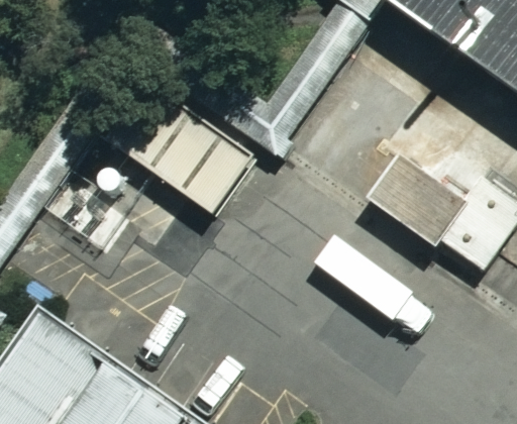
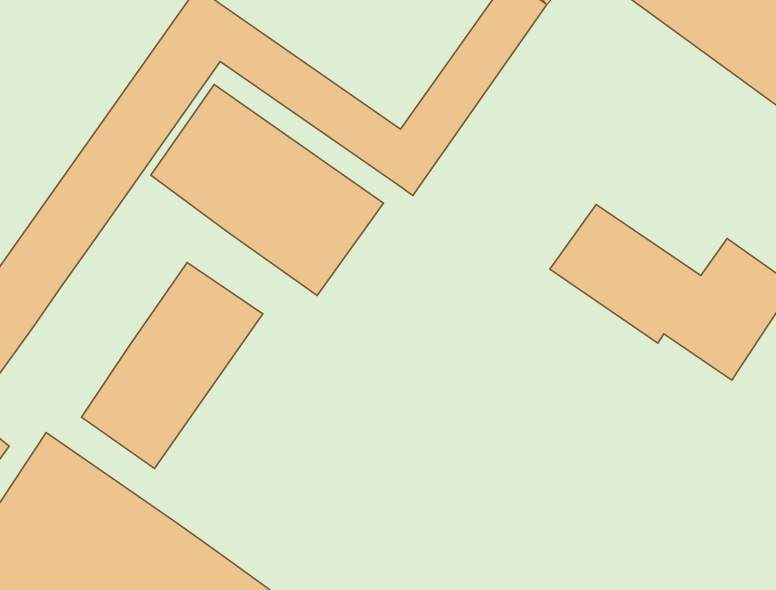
building: none -> [82,262,263,469]

